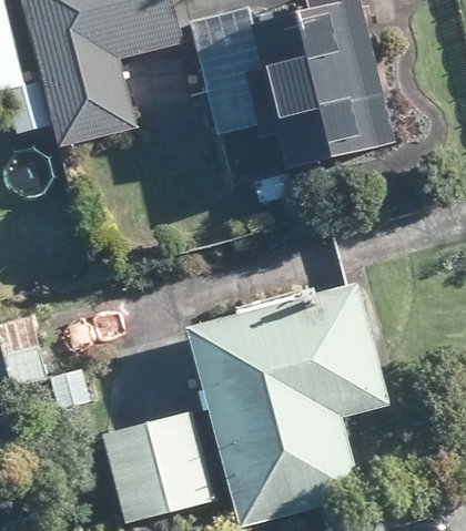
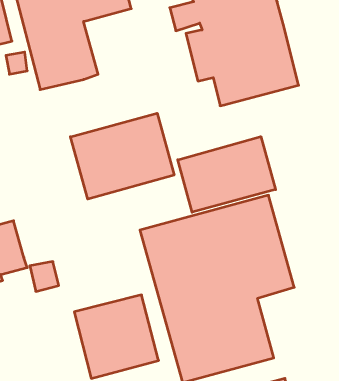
building: none -> [70,113,174,199]
building: none -> [178,137,276,212]

